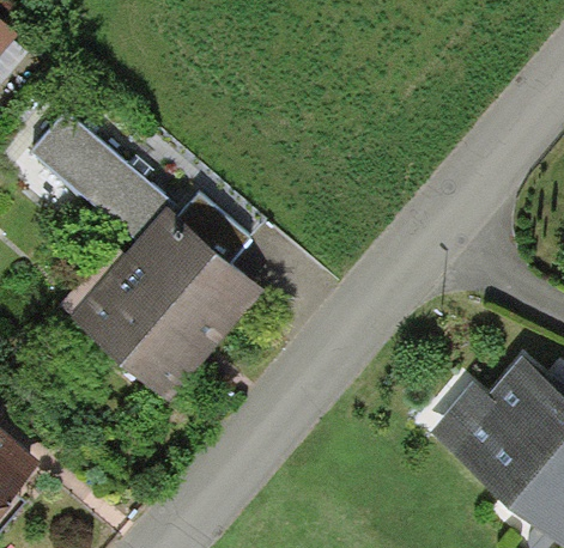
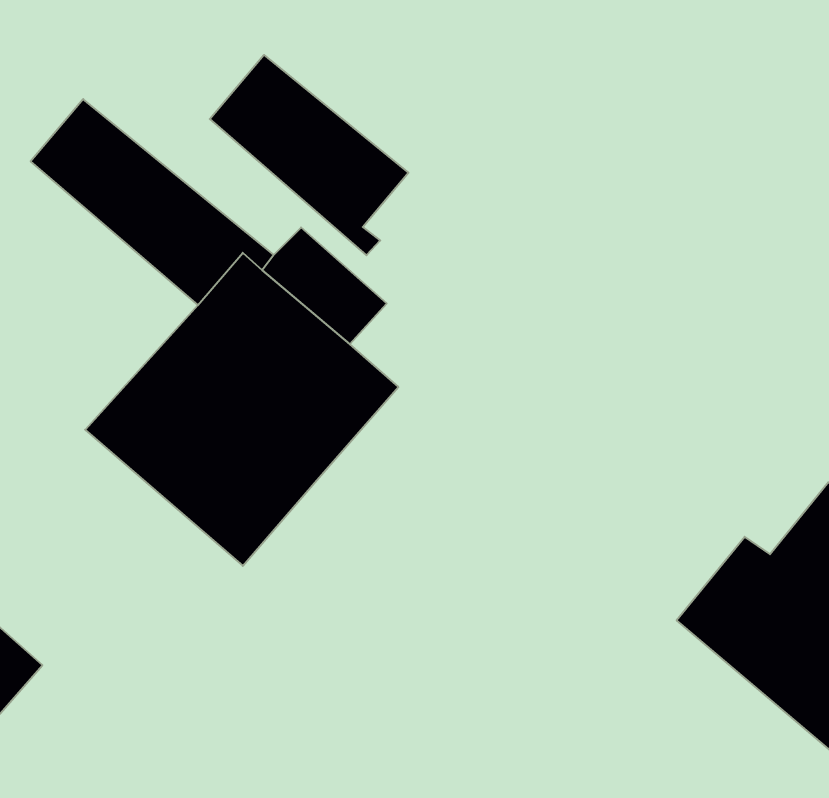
building: none -> [210,55,408,255]

